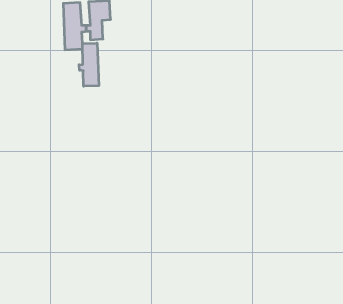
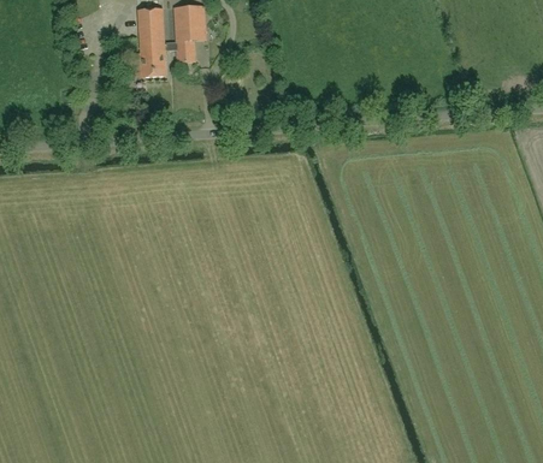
building: [79,43,99,86] -> none

